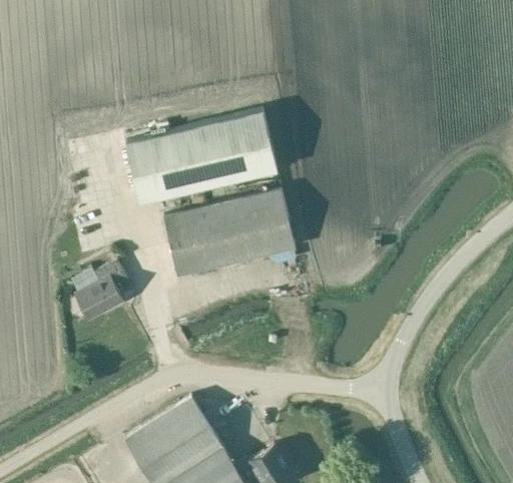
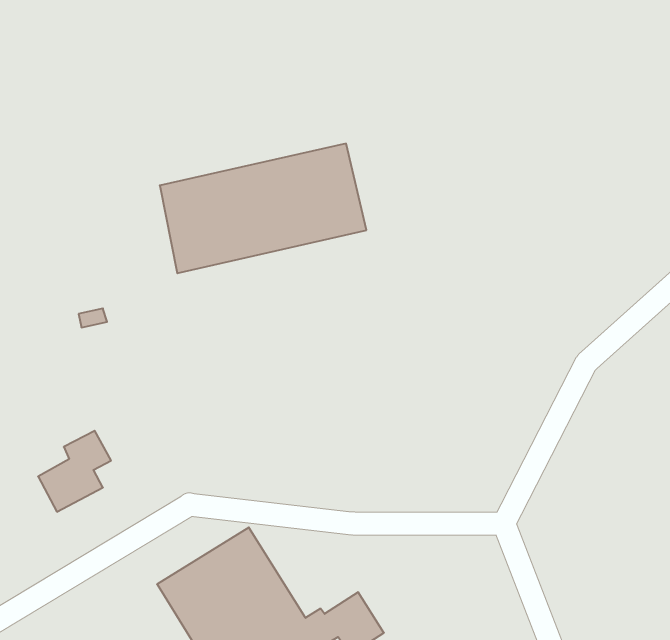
building: [163,189,295,275] -> none
building: [74,260,128,320] -> [38,431,111,512]

